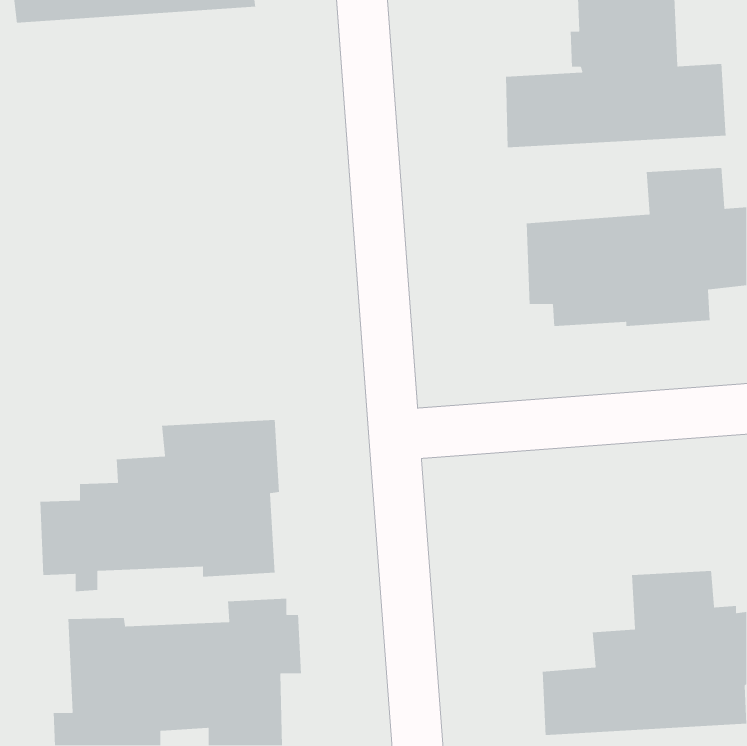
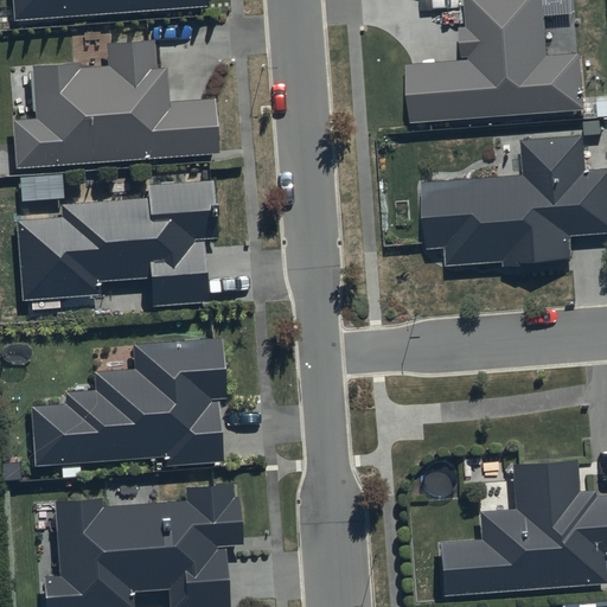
building: none -> [14,41,217,167]
building: none -> [17,180,216,307]

